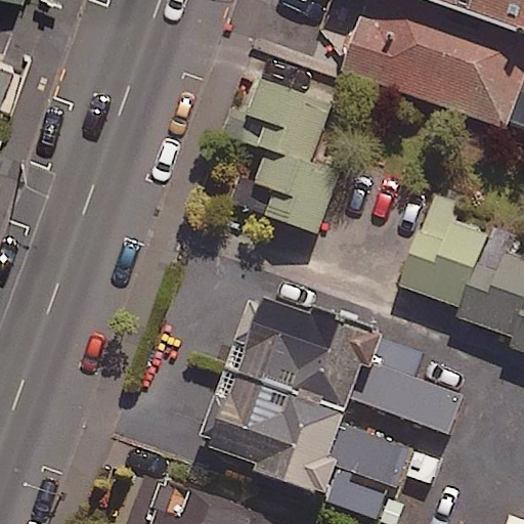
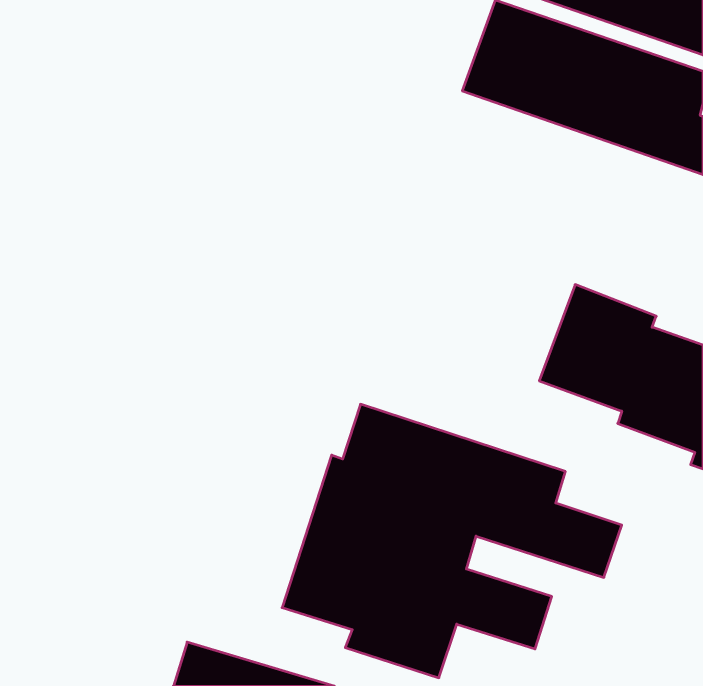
building: [238,78,342,235] -> none

